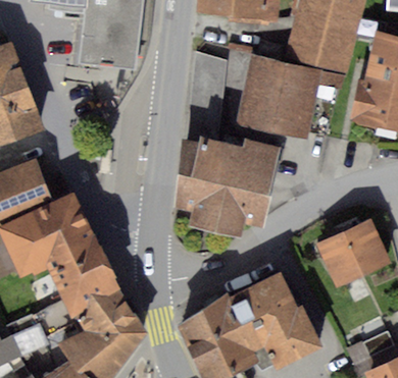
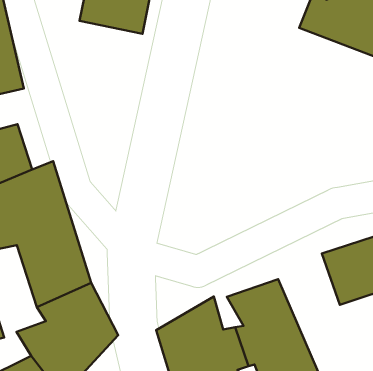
building: [230,51,324,133] -> none
building: [176,134,282,236] -> none

